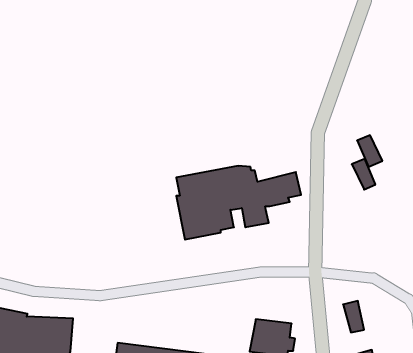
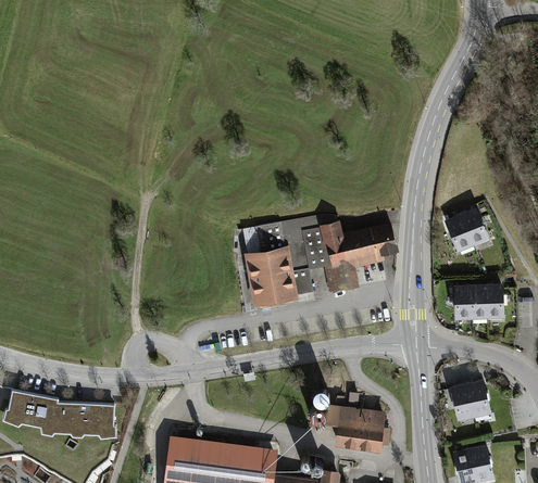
building: [357,135,382,167] -> [445,214,476,253]
building: none -> [452,283,505,321]
building: none -> [468,380,491,419]

